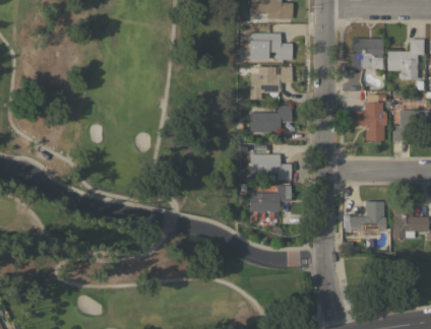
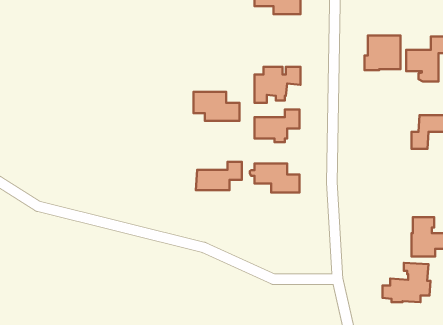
building: [251,34,293,60] -> [194,92,240,121]
building: [352,95,387,141] -> none
building: [250,186,292,211] -> [196,162,242,190]
building: [344,201,387,237] -> [382,263,431,302]

